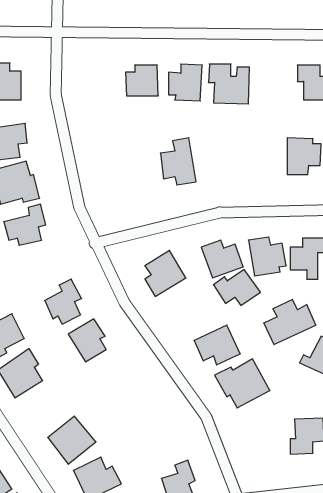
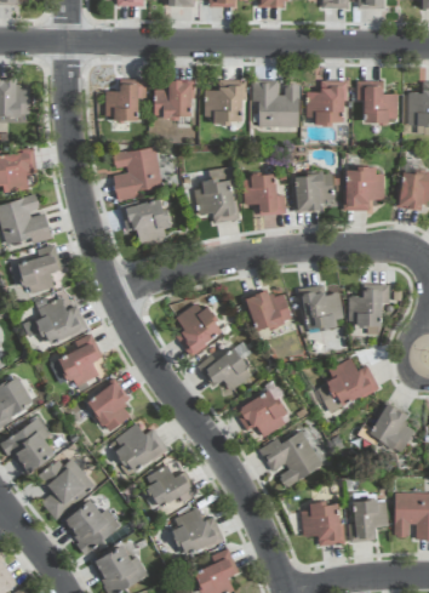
building: none -> [105,80,147,120]
building: none -> [307,81,345,122]
building: none -> [113,147,162,201]
building: none -> [244,175,286,215]
building: none -> [296,175,334,212]
building: none -> [122,198,171,244]
building: none -> [23,297,80,343]
building: [213,270,260,305] -> [199,348,254,390]
building: none -> [110,423,166,473]
building: none -> [41,460,96,519]
building: none -> [144,468,198,508]
building: none -> [302,503,343,546]
building: none -> [170,508,224,555]

